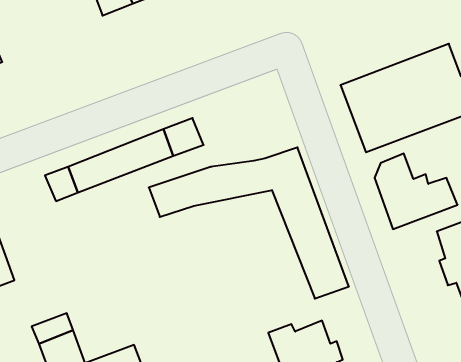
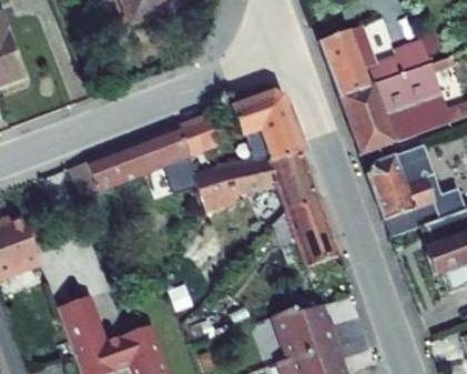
building: none -> [318,23,438,90]
building: none -> [233,94,301,159]

